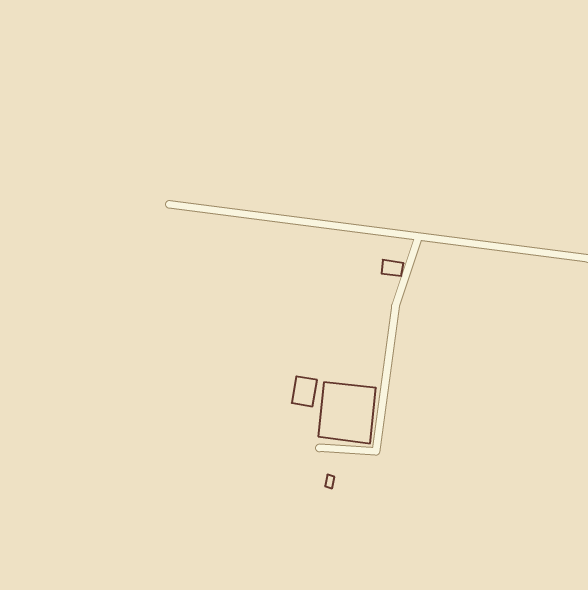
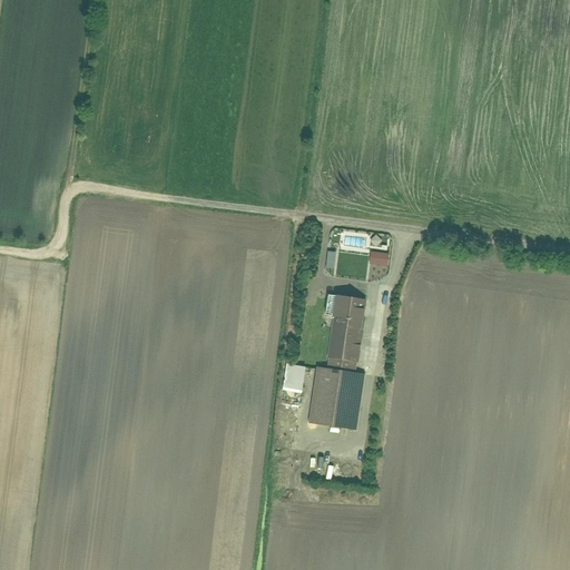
building: none -> [326,294,363,368]

